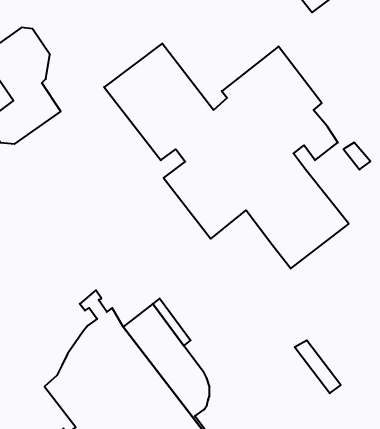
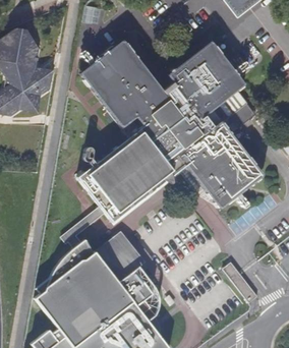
building: none -> [73,140,160,231]

